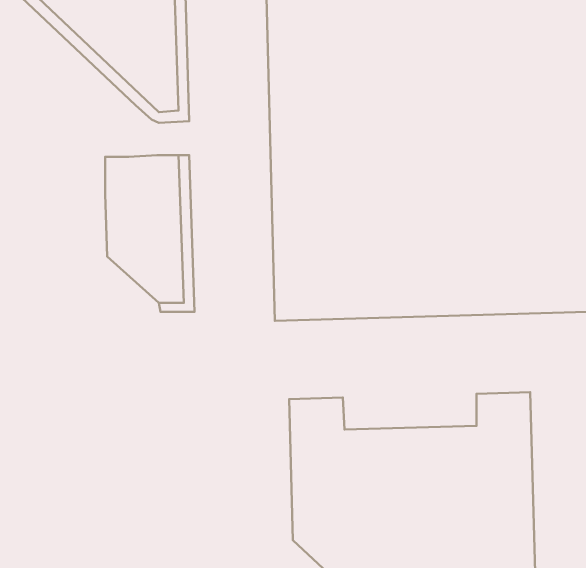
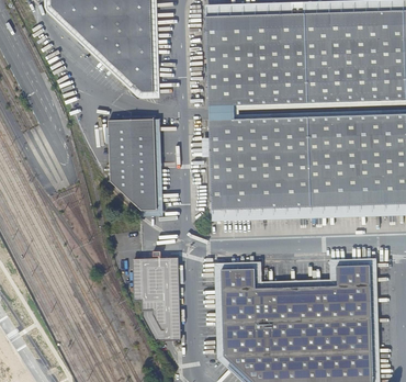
building: none -> [132,256,180,339]

